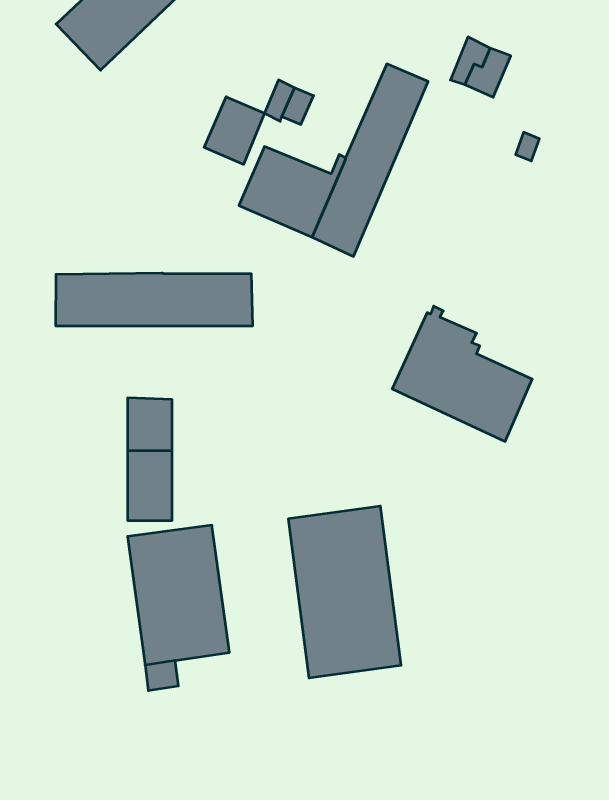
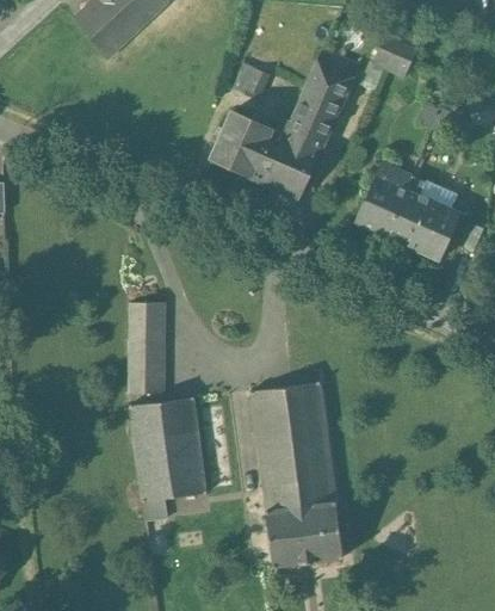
building: [204,97,264,164] -> none
building: [56,273,252,326] -> none
building: [392,306,532,441] -> [355,159,460,260]
building: none -> [264,502,342,568]

